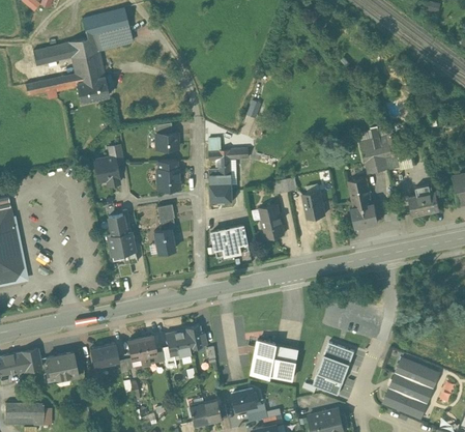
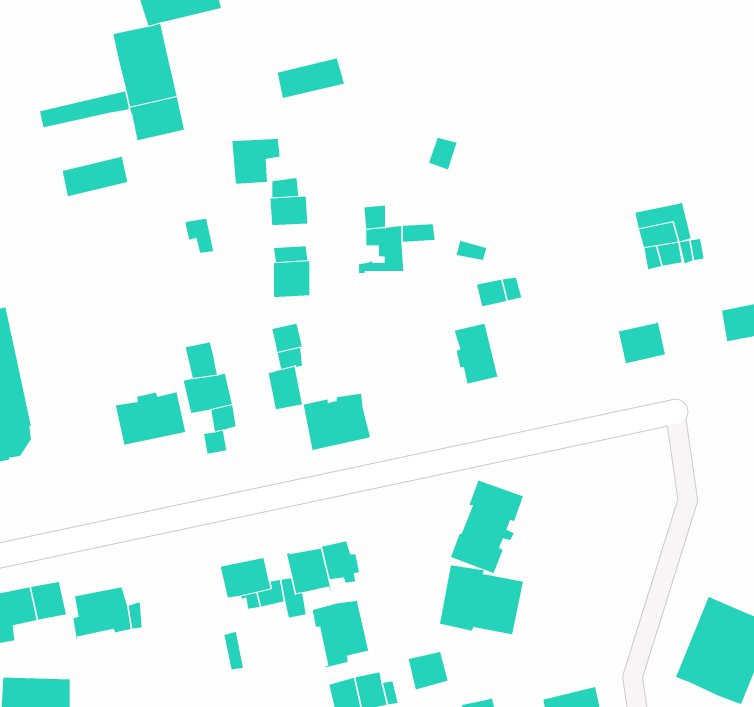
building: [94,27,133,50] -> [277,58,345,98]
building: [33,42,70,65] -> [62,156,128,197]
building: none -> [232,138,280,184]
building: [93,156,119,185] -> none
building: [209,175,232,203] -> none
building: [348,177,372,208] -> none
building: [302,191,324,219] -> none
building: [211,226,250,258] -> [303,393,371,450]
building: none -> [115,392,186,446]
building: [313,342,354,395] -> [450,480,524,574]
building: [89,343,119,367] -> none
building: none -> [312,600,369,668]

